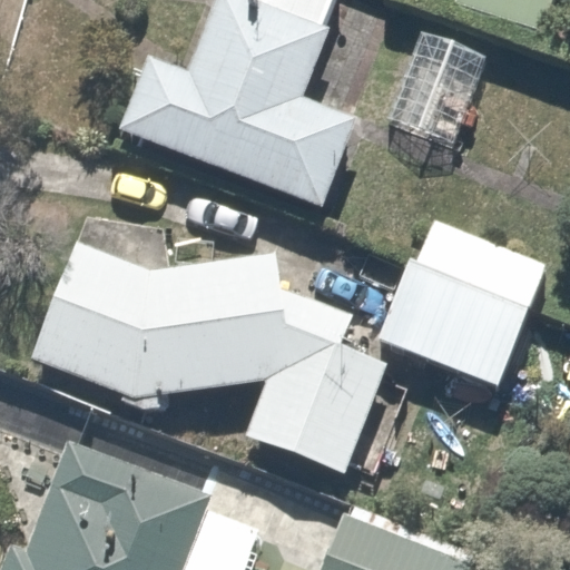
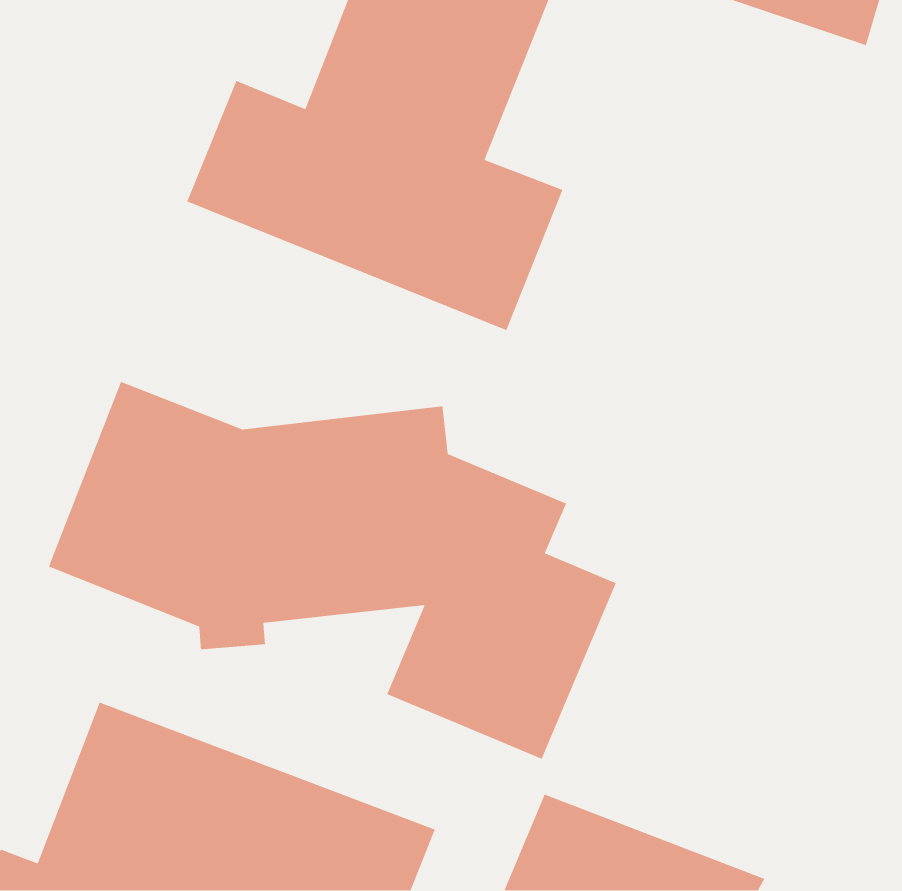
building: [380,19,491,140] -> none
building: [384,223,550,389] -> none

